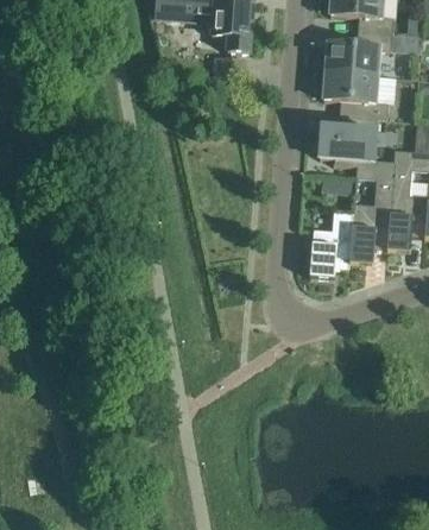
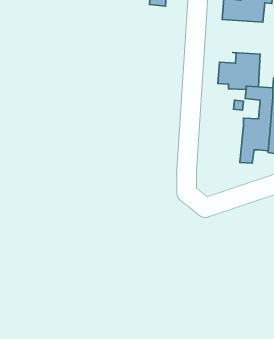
building: [323,70,387,118] -> none
building: [309,210,353,277] -> none

